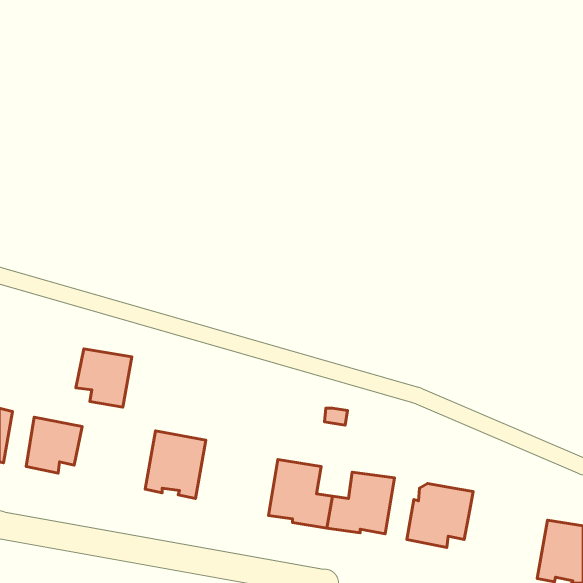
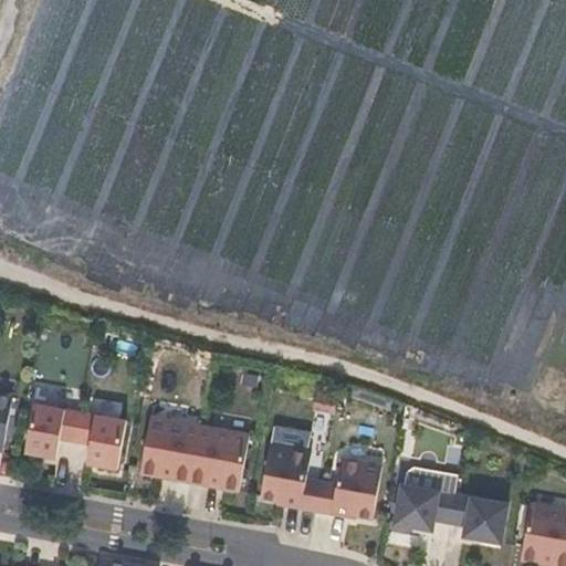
building: [76,349,132,407] -> [72,412,126,469]
building: none -> [189,426,248,491]
building: none -> [449,493,509,543]

